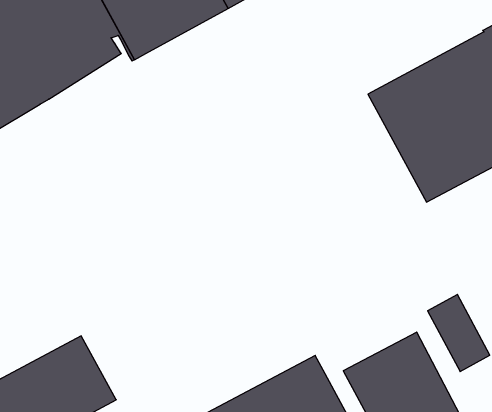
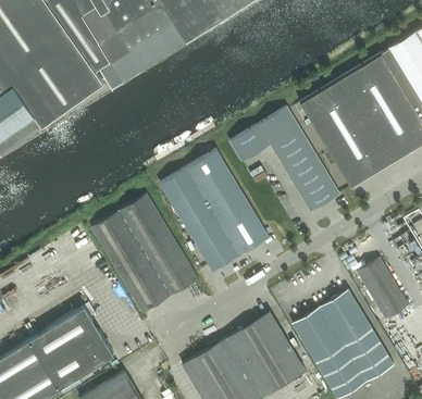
building: none -> [231,108,339,211]
building: none -> [160,150,269,270]
building: none -> [91,194,198,312]

